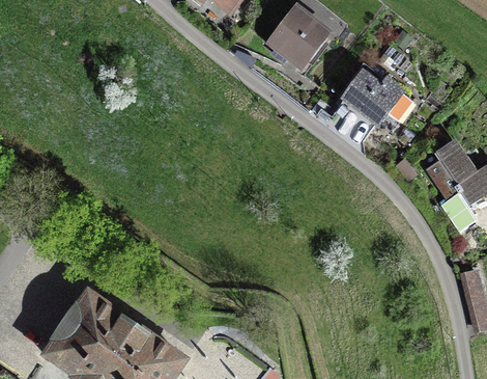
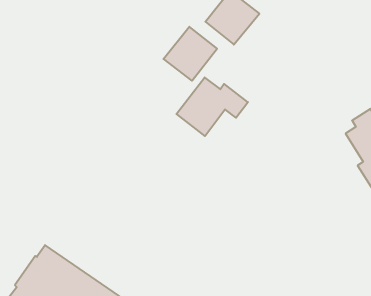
building: none -> [163,27,217,81]
building: [332,72,412,138] -> [176,77,248,136]

